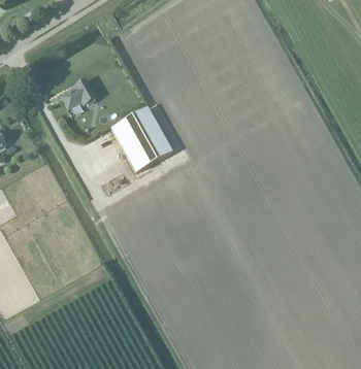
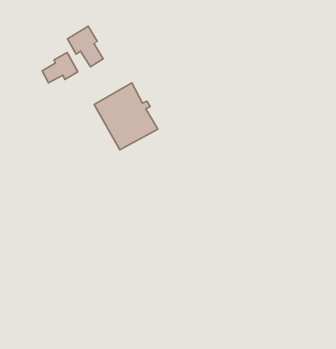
building: none -> [67,26,103,67]

